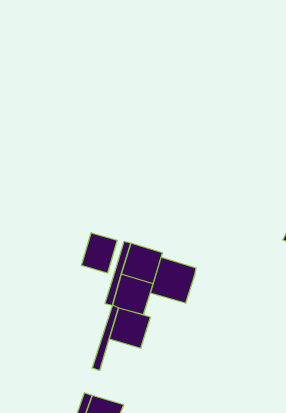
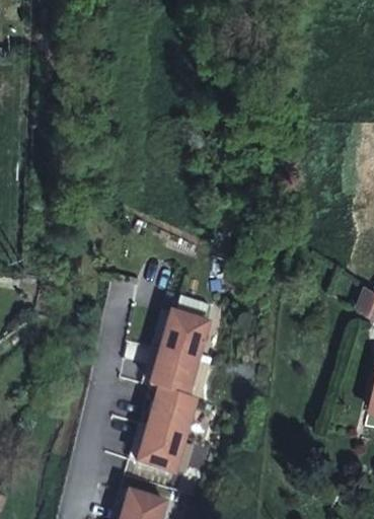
building: [82,233,117,273] -> none
building: [150,257,196,303] -> none
building: none -> [140,427,189,475]

